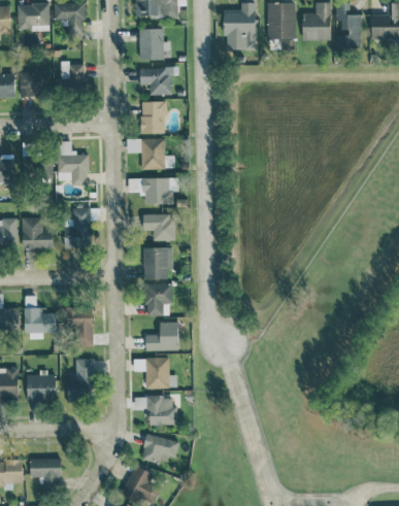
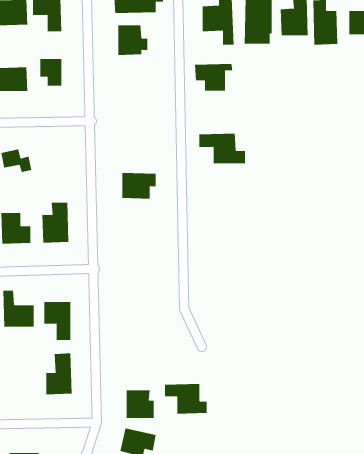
building: [139,67,178,95] -> [194,64,233,91]
building: [140,101,166,134] -> none
building: [127,138,174,169] -> [198,133,246,164]
building: [57,141,88,185] -> none
building: [143,213,173,241] -> none
building: [143,247,172,279] -> none
building: [144,283,171,315] -> none
building: [145,322,178,350] -> none
building: [133,358,176,389] -> [164,384,207,414]
building: [26,373,57,401] -> none

